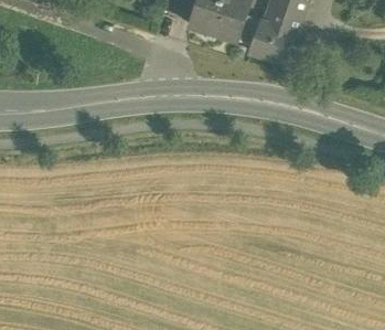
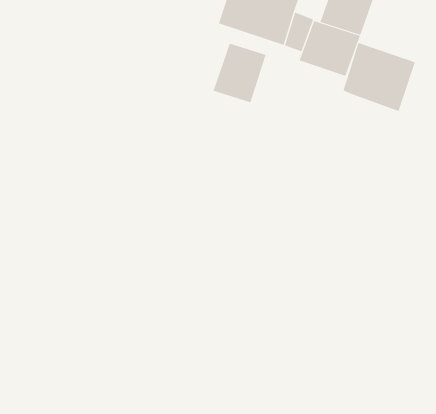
building: none -> [343,42,416,112]
building: none -> [213,43,267,104]

